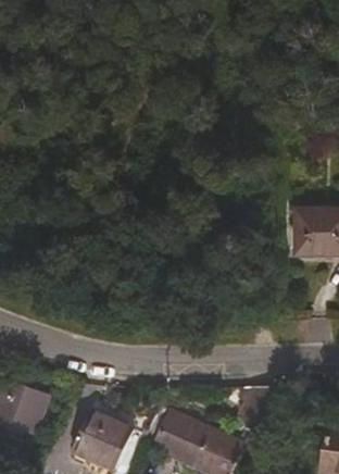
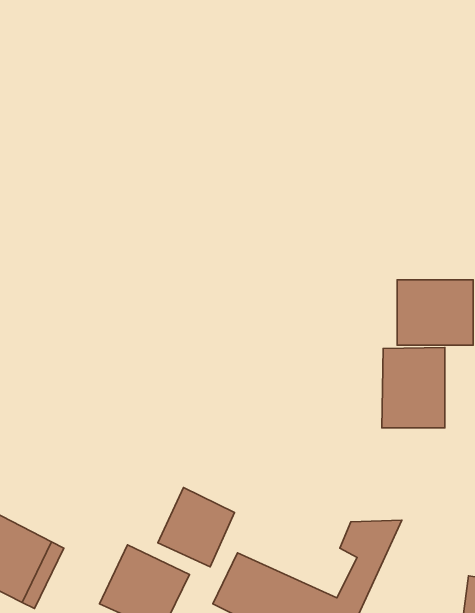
building: none -> [382,348,445,428]
building: none -> [158,488,234,567]

